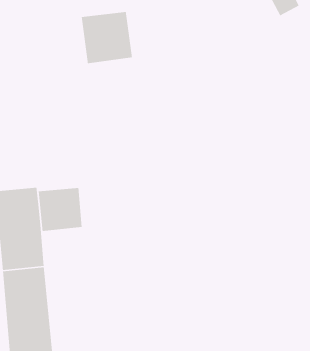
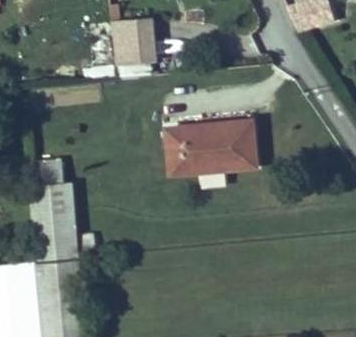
building: none -> [164,120,254,173]
building: [38,187,83,232] -> none

